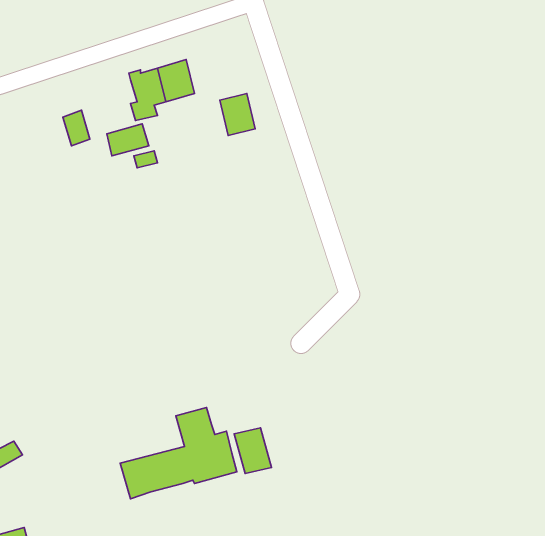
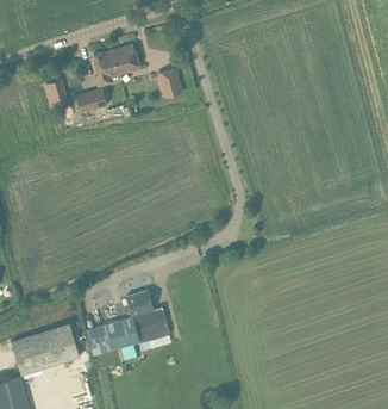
building: [234,428,272,473] -> none
building: none -> [11,322,80,374]

